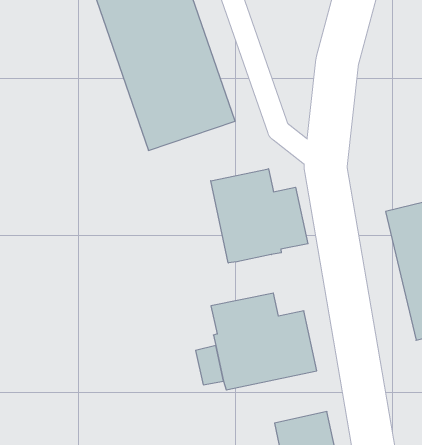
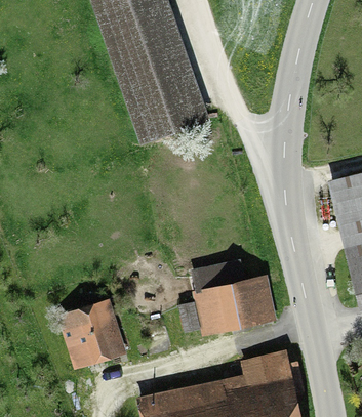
building: [211,169,308,263] -> none
building: none -> [57,297,126,368]

